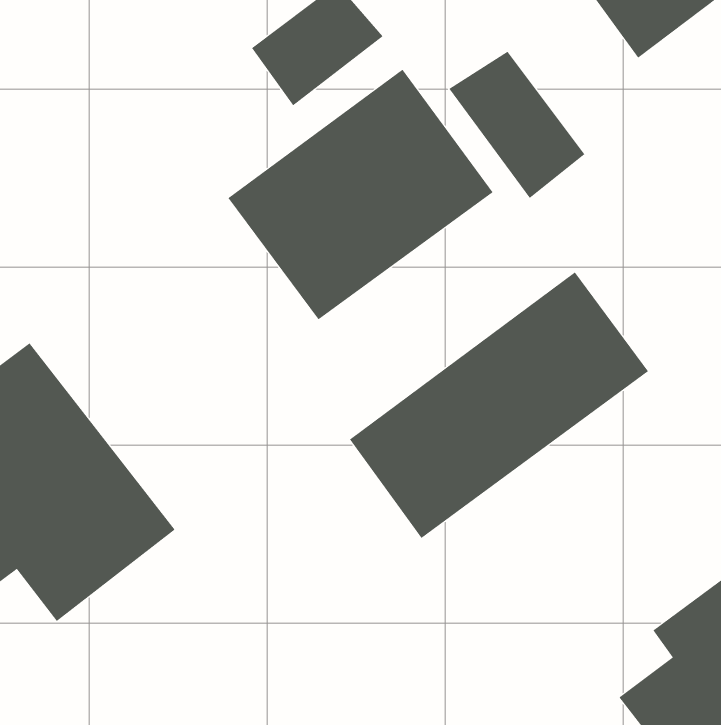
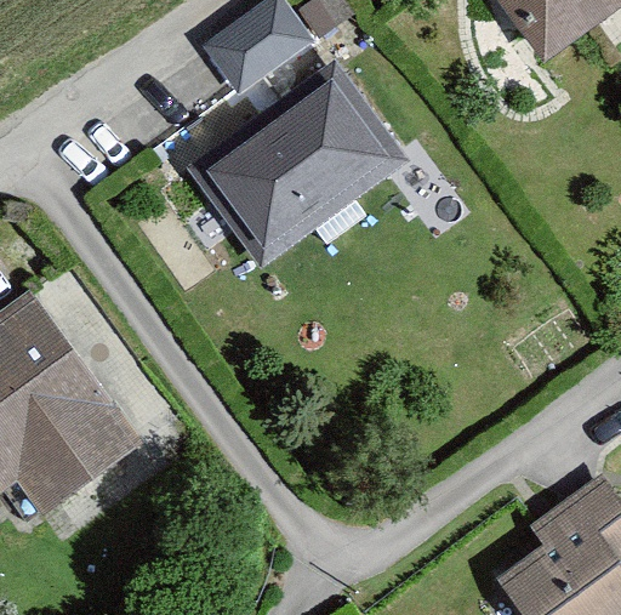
building: [448,51,585,199] -> none
building: [349,272,649,539] -> none

